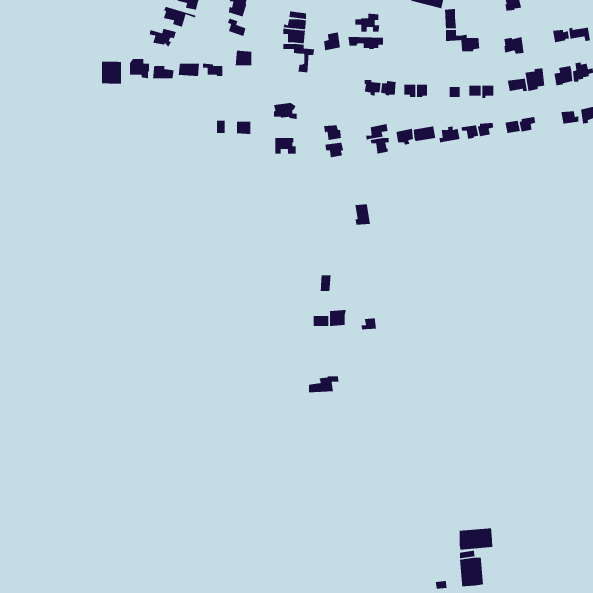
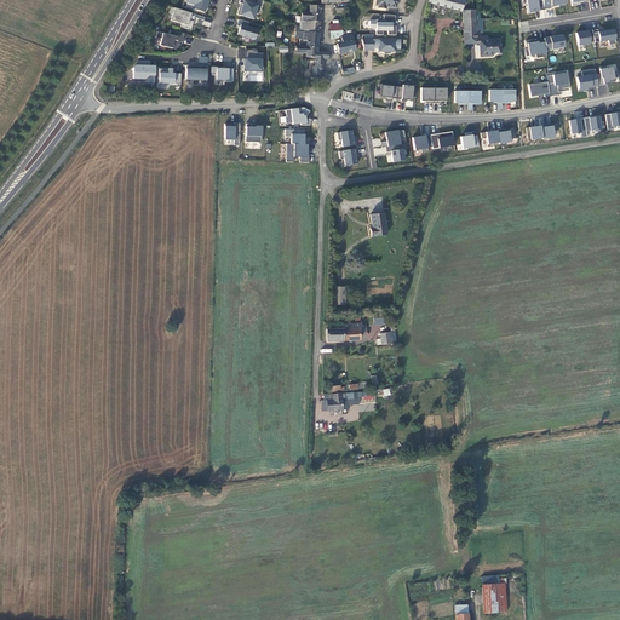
building: [101,61,122,84] -> none
building: [459,528,493,550] -> none

